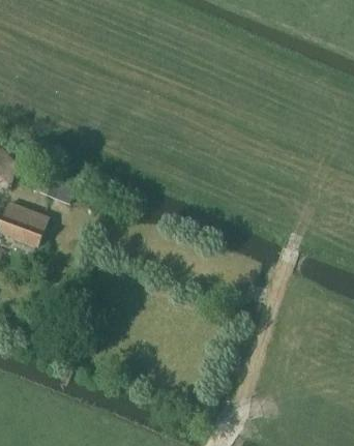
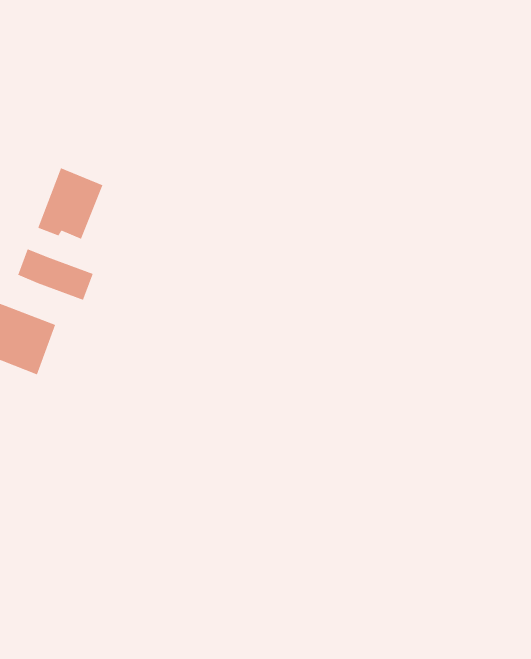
building: none -> [37,167,103,240]

